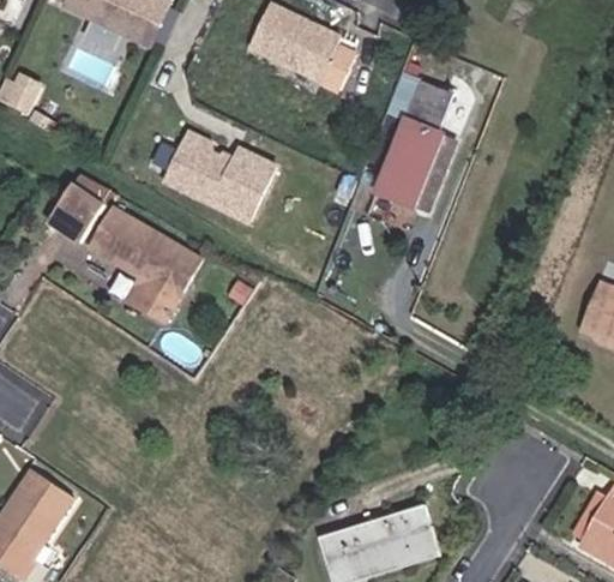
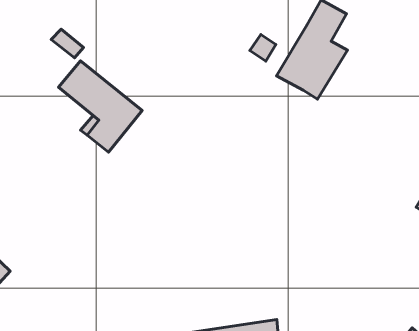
building: [164,132,276,222] -> none
building: [49,188,108,245] -> none

